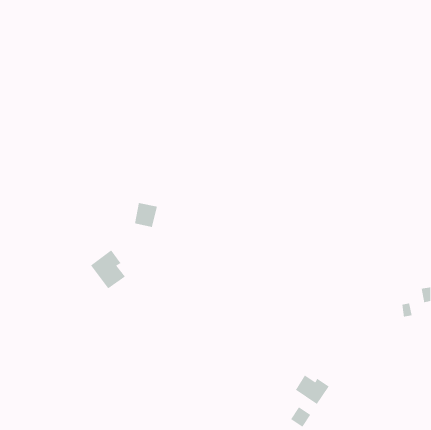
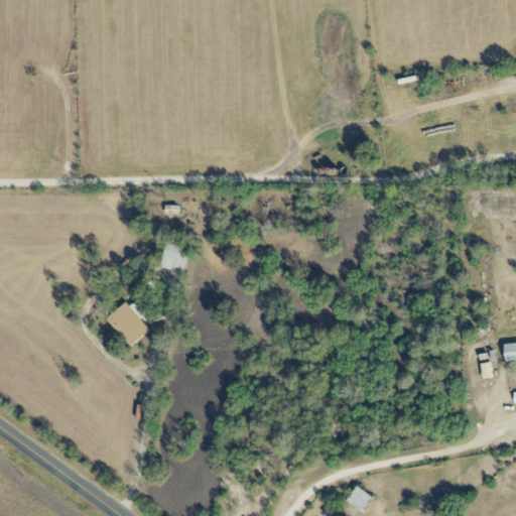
building: [295,375,330,405] -> none

